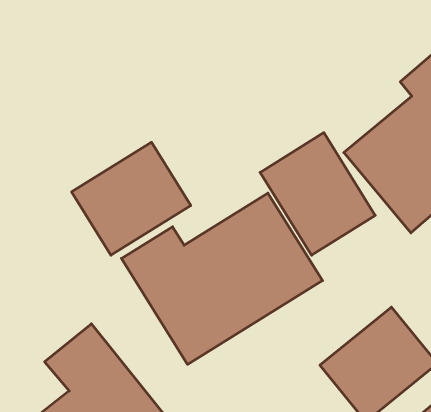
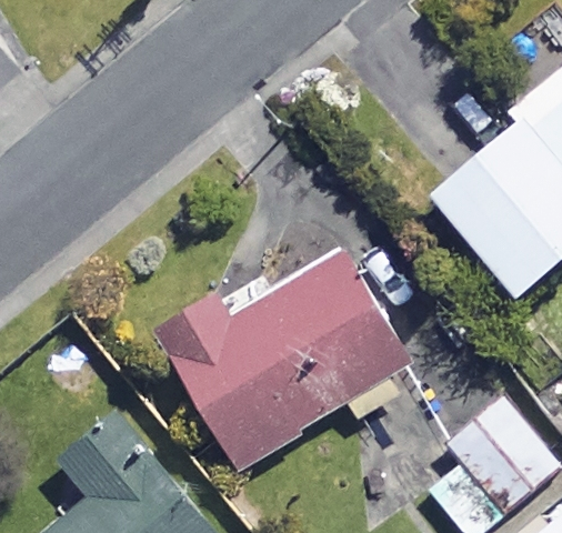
building: [260,133,375,255] -> none
building: [72,142,191,255] -> none

